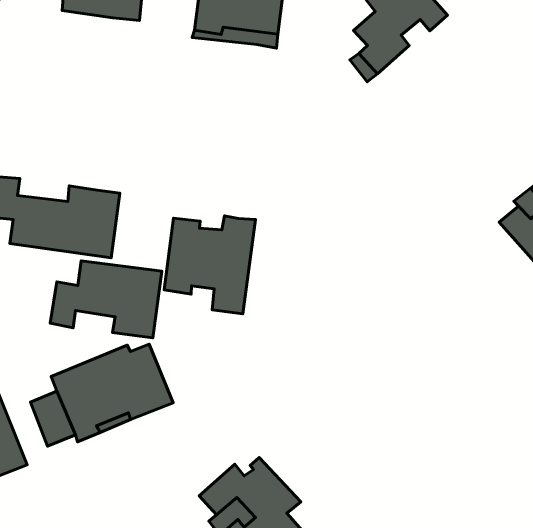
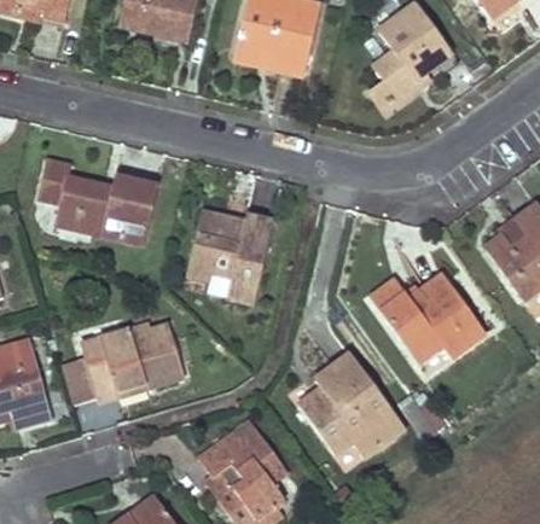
building: none -> [370,274,483,361]
building: [50,261,162,338] -> none
building: none -> [298,354,403,458]

